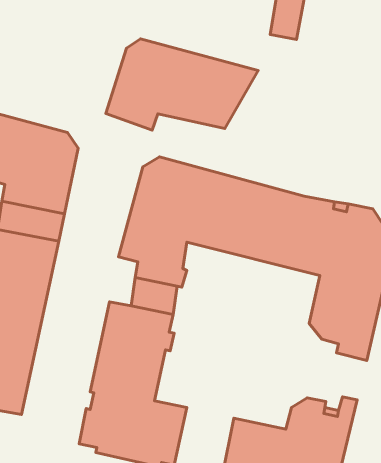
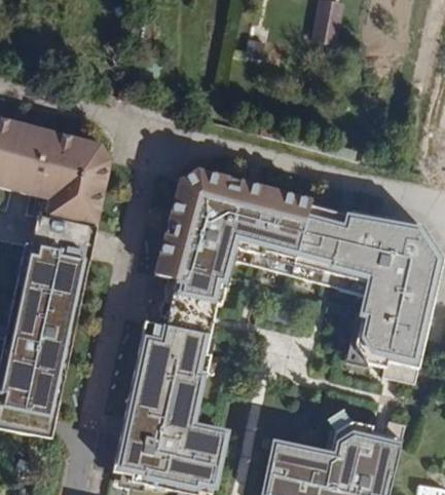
building: [106,39,258,130] -> none

